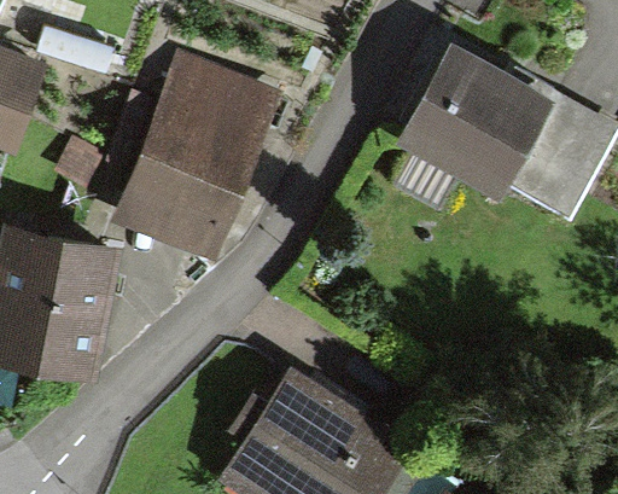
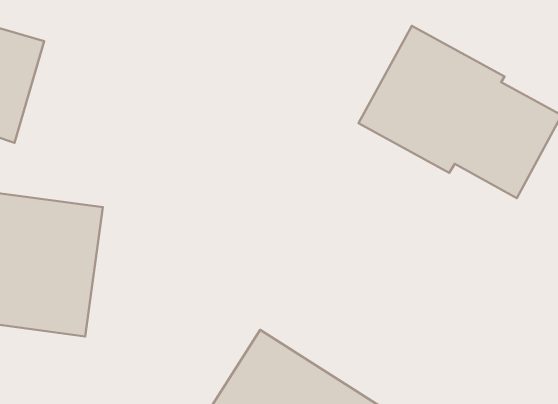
building: [111,64,285,265] -> none

